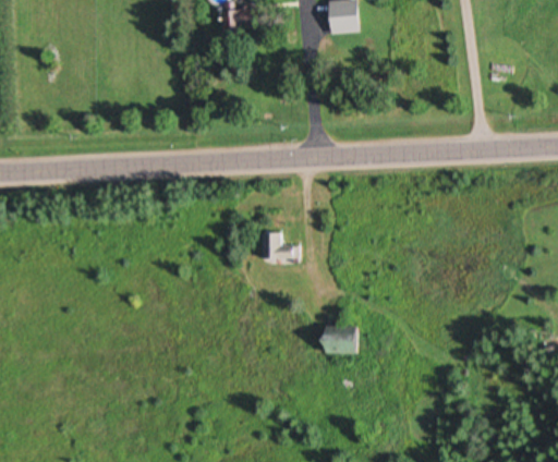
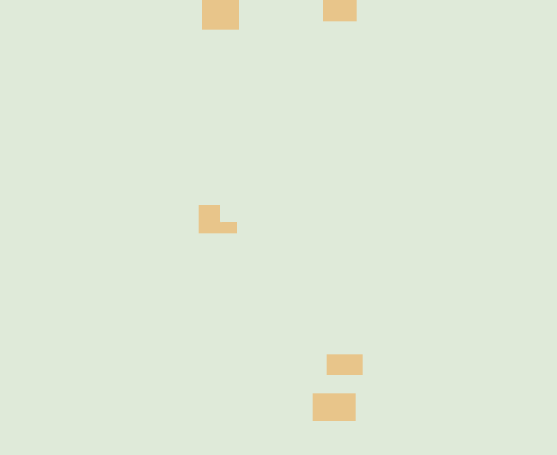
building: [259,229,295,255] -> [198,205,238,234]
building: none -> [312,393,356,422]

